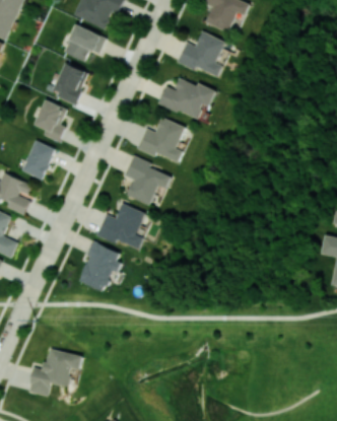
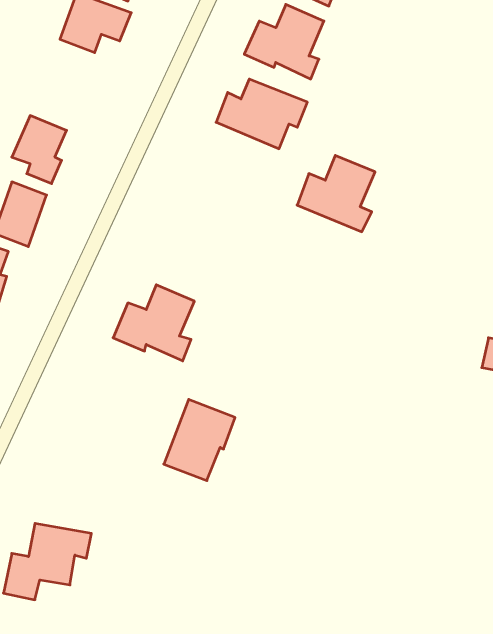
building: [52,63,88,104] -> none
building: [137,117,185,163] -> [297,155,375,232]
building: [124,155,171,205] -> none
building: [78,241,122,291] -> [164,399,235,481]

